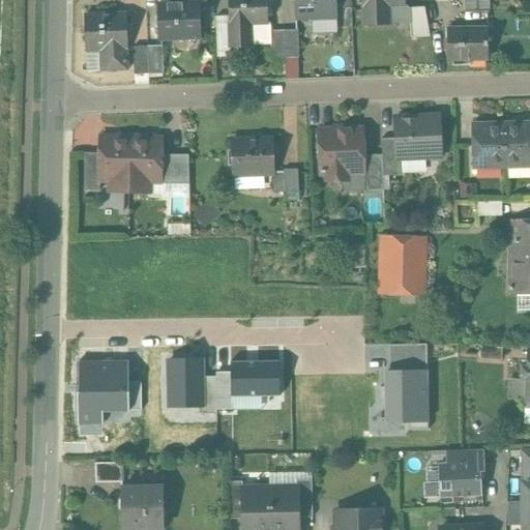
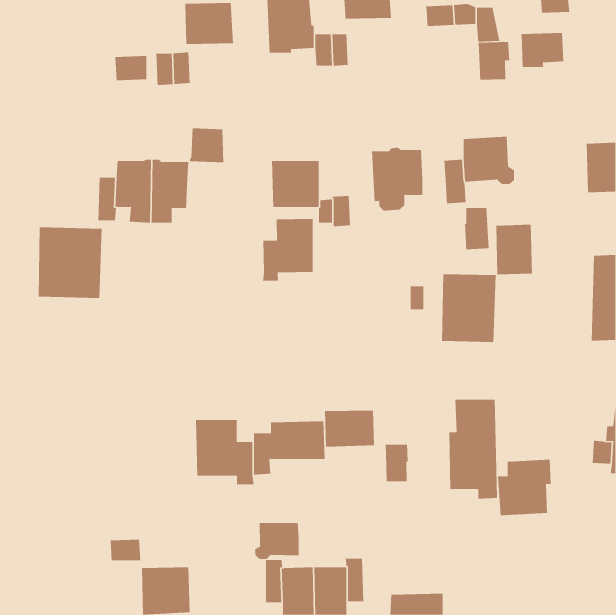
building: [83,16,126,49] -> none
building: none -> [478,41,510,81]
building: [472,123,504,167] -> [495,224,533,275]
building: [159,153,189,183] -> [189,128,224,163]
building: [362,154,384,190] -> [464,208,490,250]
building: none -> [263,218,313,282]
building: none -> [38,227,102,299]
building: none -> [324,410,374,448]
building: [79,363,141,425] -> none
building: none -> [385,444,408,482]
building: [438,448,484,497] -> [497,459,552,516]
building: none -> [255,522,299,560]

